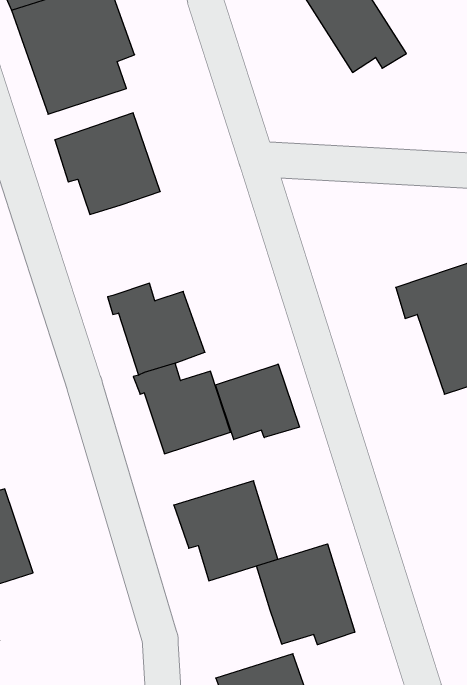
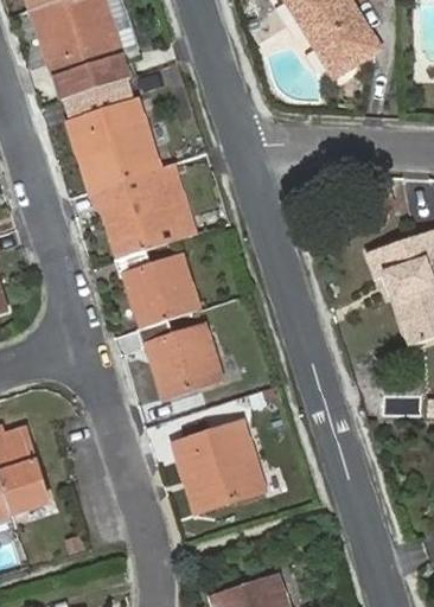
building: none -> [90,165,210,260]
building: [216,364,299,440] -> none
building: [256,544,355,645] -> none

